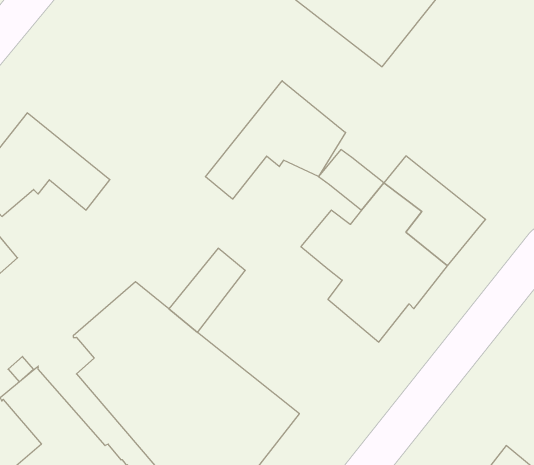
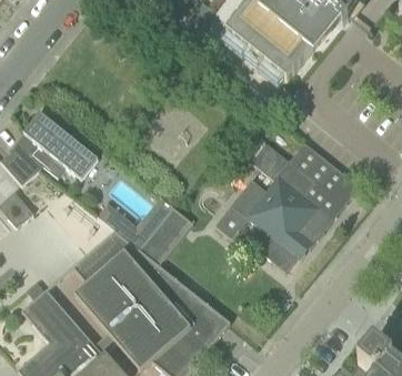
building: [205,81,346,199] -> none
building: none -> [215,204,250,238]

